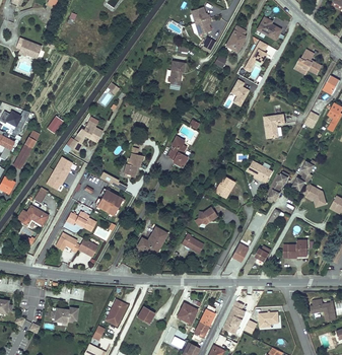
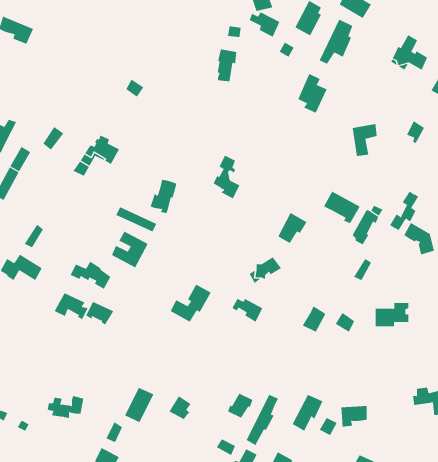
building: [46,156,73,190] -> none

